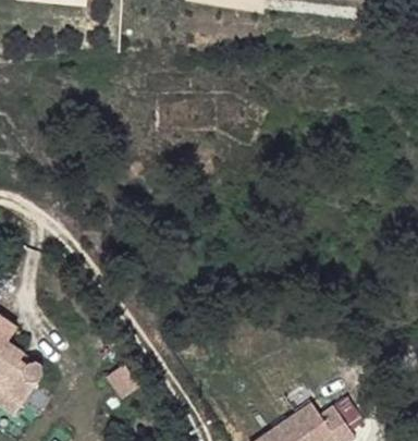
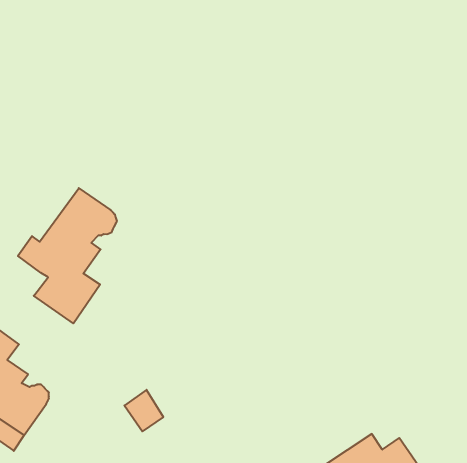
building: none -> [18,188,117,323]

